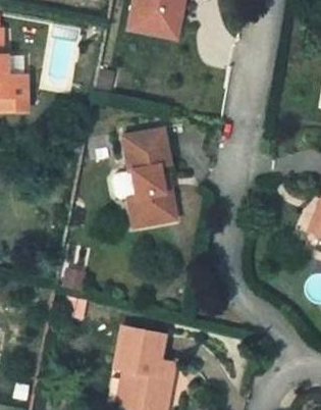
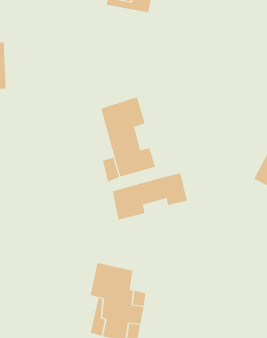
building: none -> [112,173,187,221]

